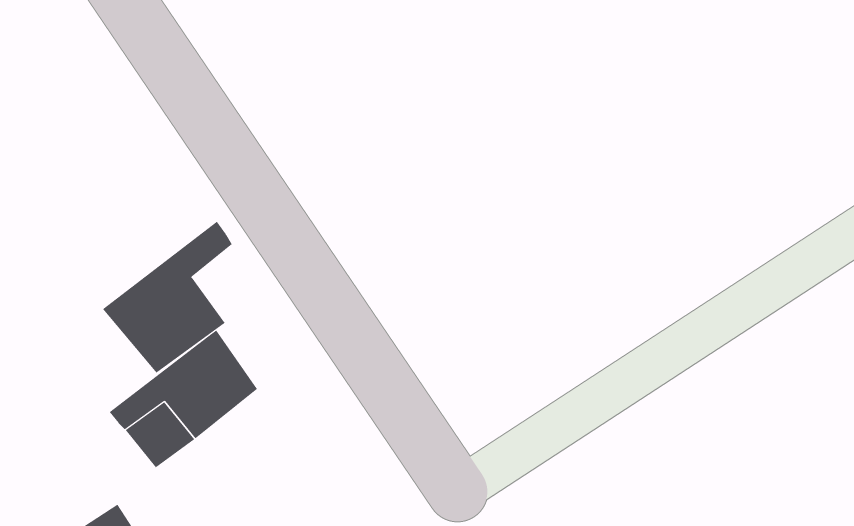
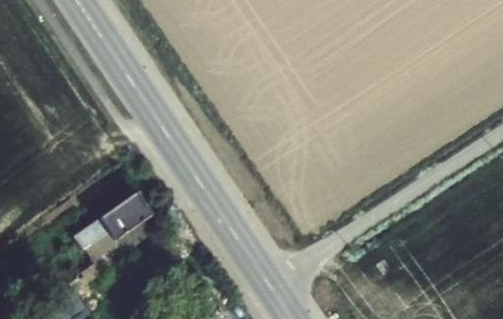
building: [102,221,232,374] -> none

